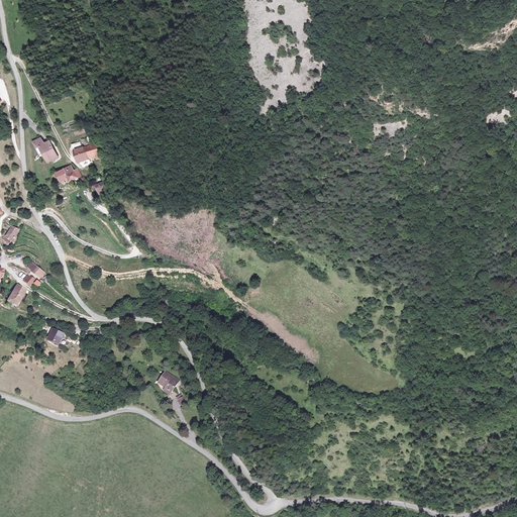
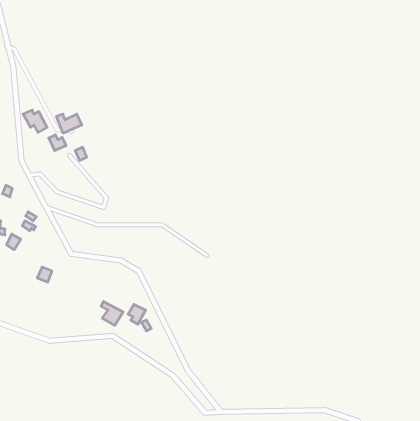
building: none -> [101,301,123,325]

